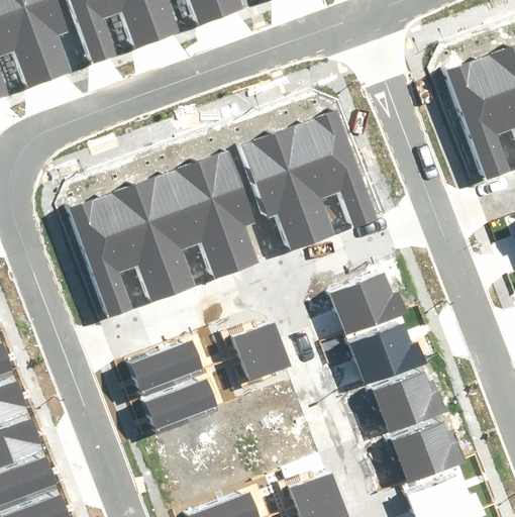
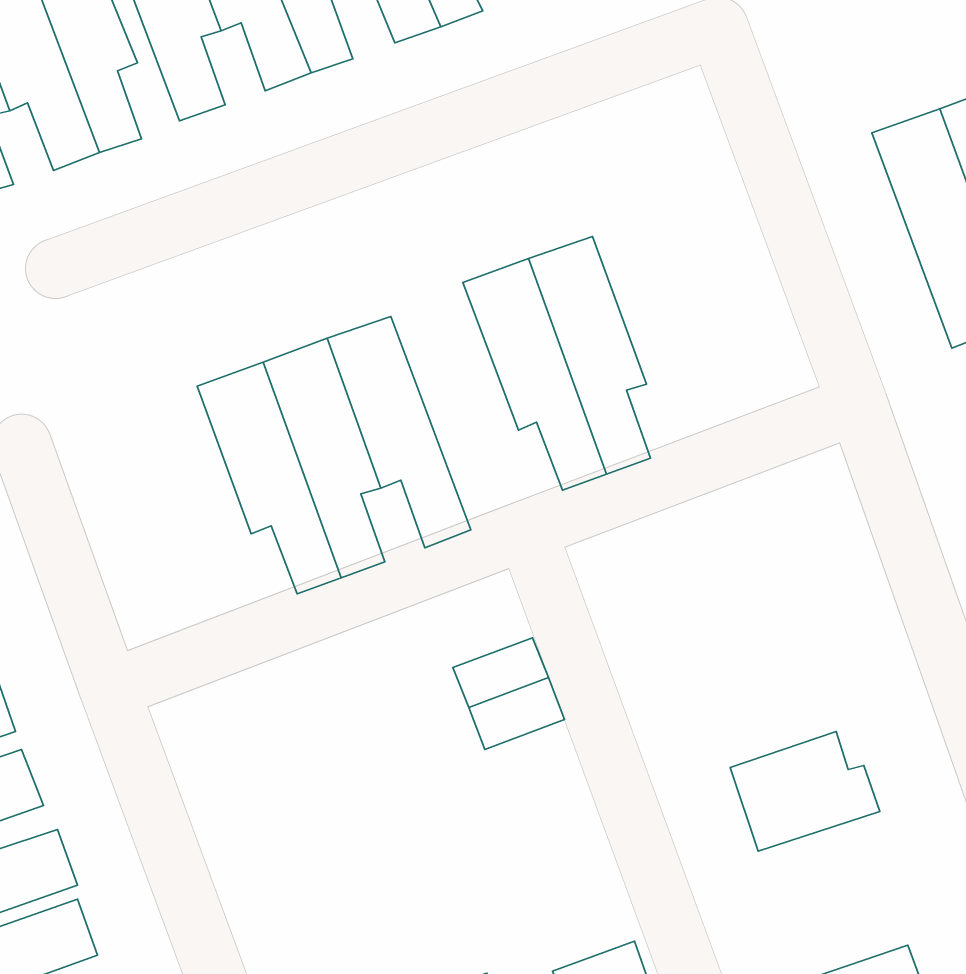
building: [302,108,375,225] -> none
building: [200,148,262,269] -> none
building: [69,196,132,317] -> none
building: [332,276,408,336] -> none
building: [351,327,427,388] -> none
building: [127,339,200,391] -> none
building: [142,379,216,429] -> none
building: [391,422,467,483] -> none

